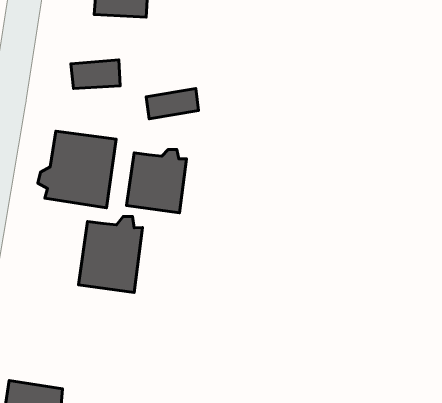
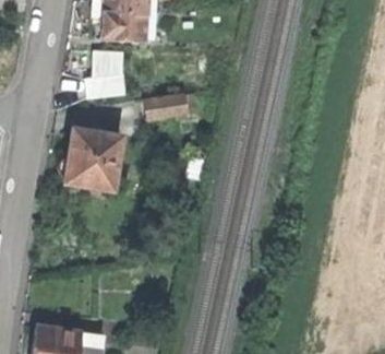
building: [126,149,186,213] -> none
building: [78,217,142,293] -> none

